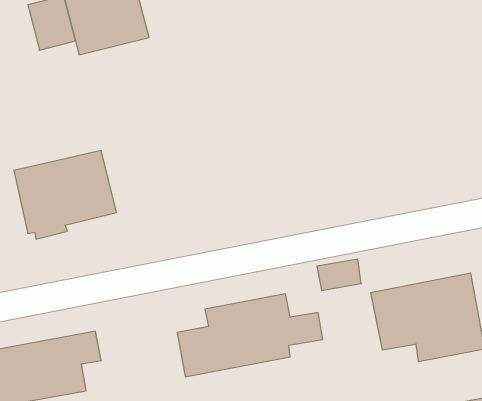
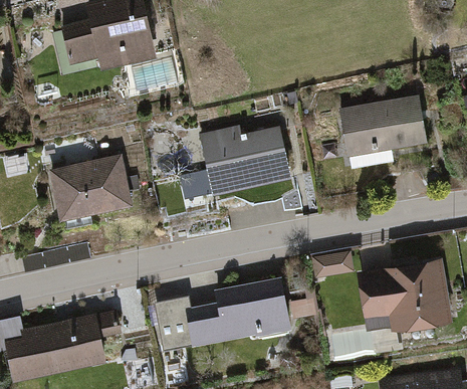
building: none -> [327,88,419,152]
building: none -> [188,125,292,197]
building: none -> [153,301,195,355]

